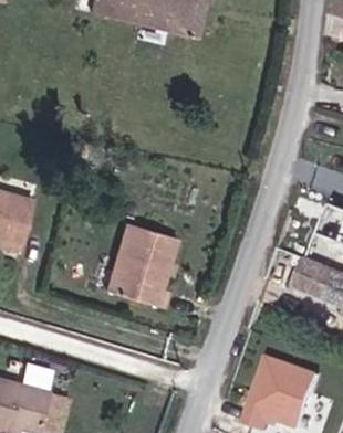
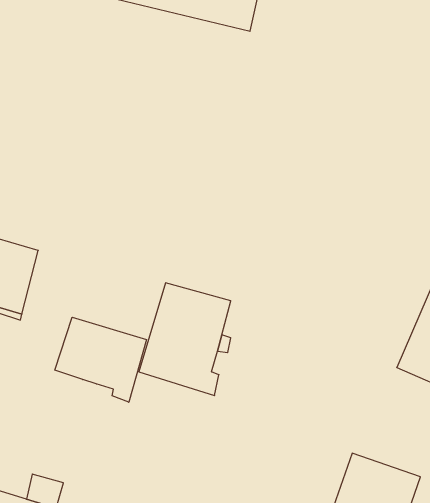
building: none -> [55,317,147,402]

